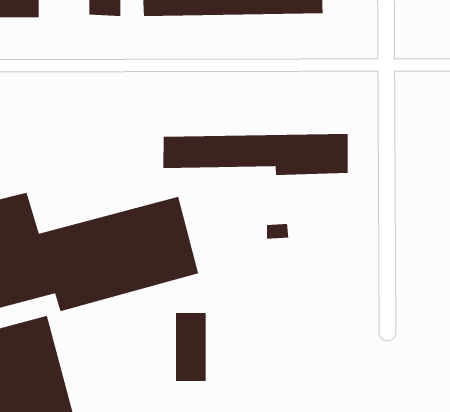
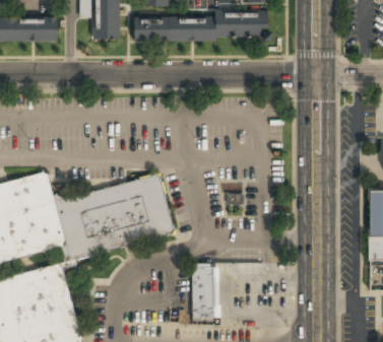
building: [162,133,349,176] -> none
building: [175,312,207,382] -> [191,268,214,320]

